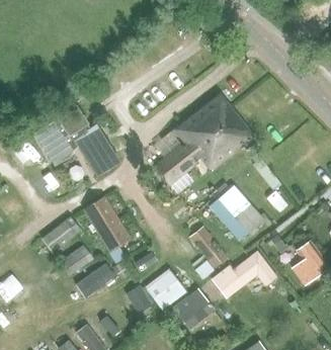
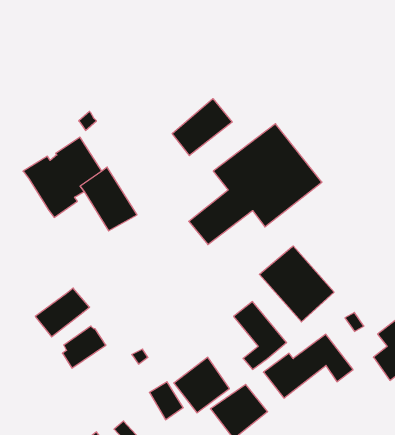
building: none -> [172,99,232,156]
building: [84,196,133,253] -> none
building: [77,263,116,298] -> none

